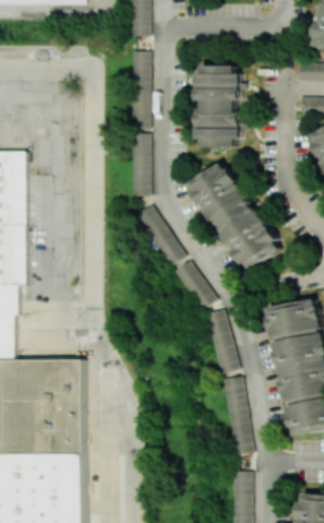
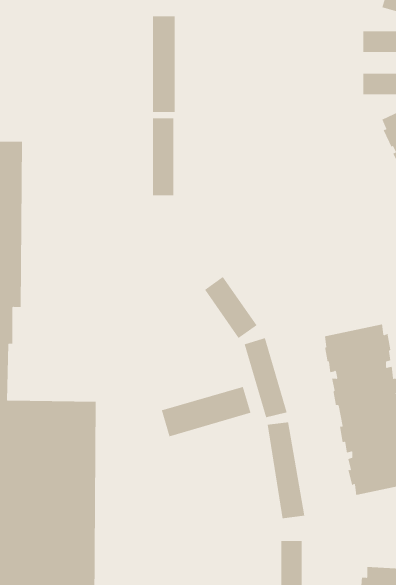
building: [193,66,242,147] -> none
building: [189,163,277,270] -> none
building: [130,205,182,268] -> none
building: none -> [161,386,251,437]

